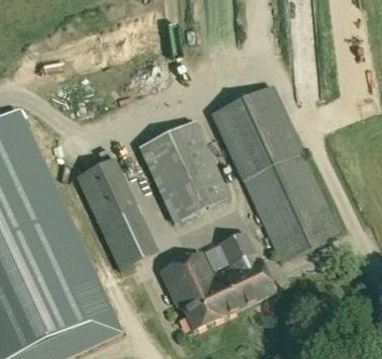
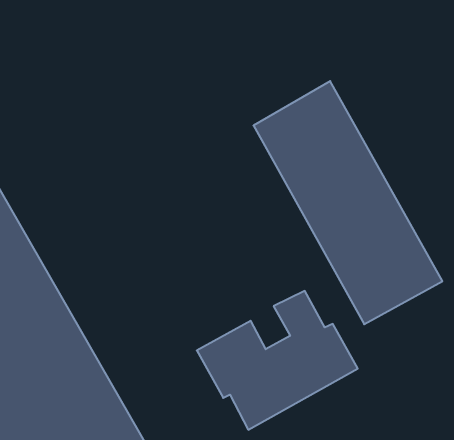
building: [137,119,228,219] -> none
building: [75,157,156,267] -> none

